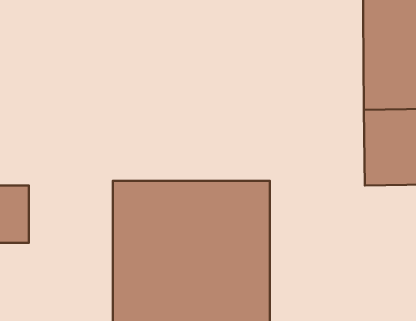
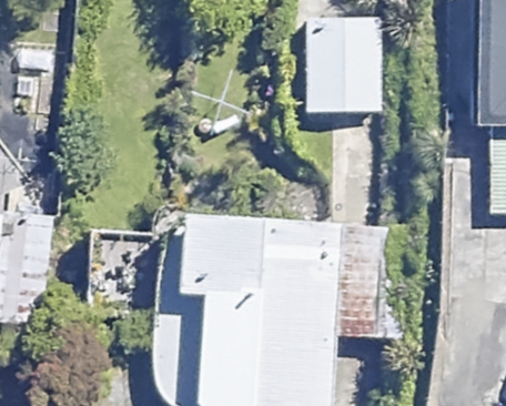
building: none -> [303,19,389,106]

